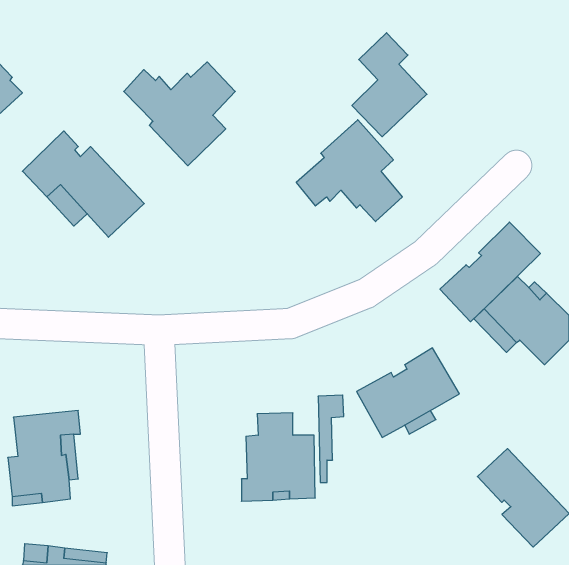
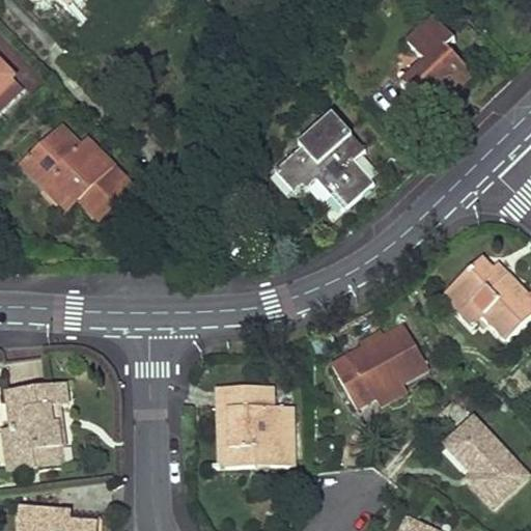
building: [352,33,427,137] -> [401,16,471,112]
building: [124,62,235,166] -> none
building: [440,222,540,322] -> none
building: [318,395,344,482] -> [216,384,240,465]

